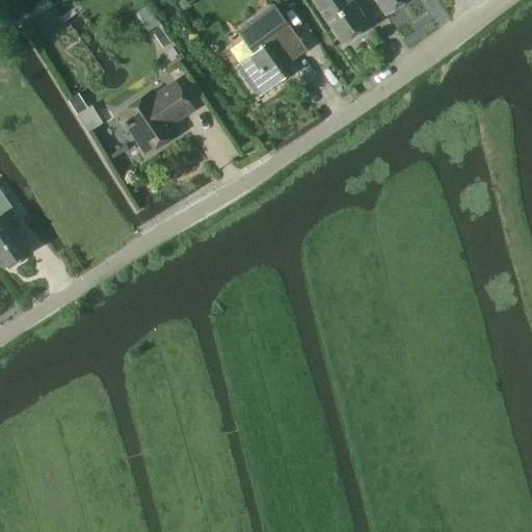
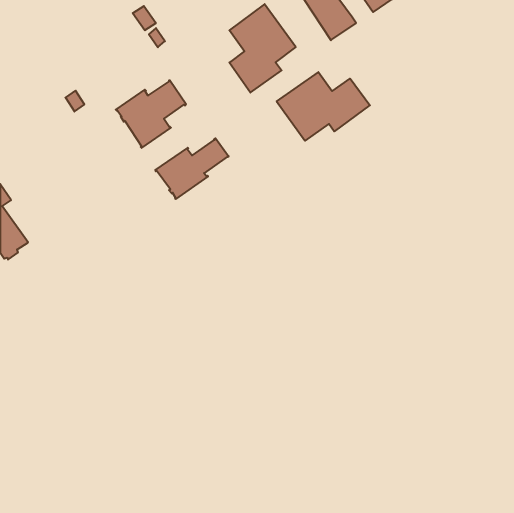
building: none -> [277,72,370,141]
building: none -> [155,138,229,199]

